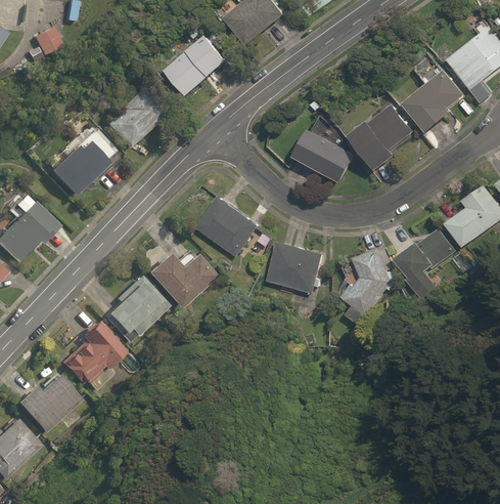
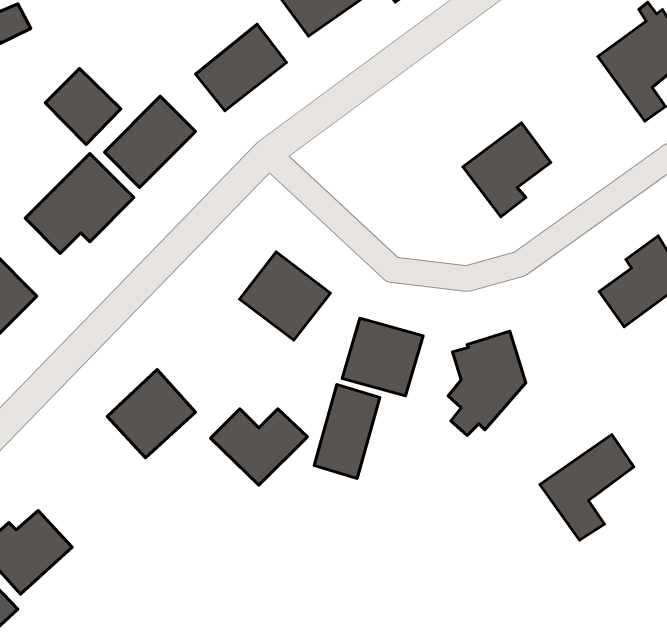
building: [402,57,463,134] -> none
building: none -> [45,69,121,145]
building: [298,129,356,183] -> none
building: [392,225,457,299] -> [540,434,634,540]
building: [147,254,215,307] -> [210,409,307,485]
building: none -> [314,384,380,479]
building: [59,319,127,389] -> none

